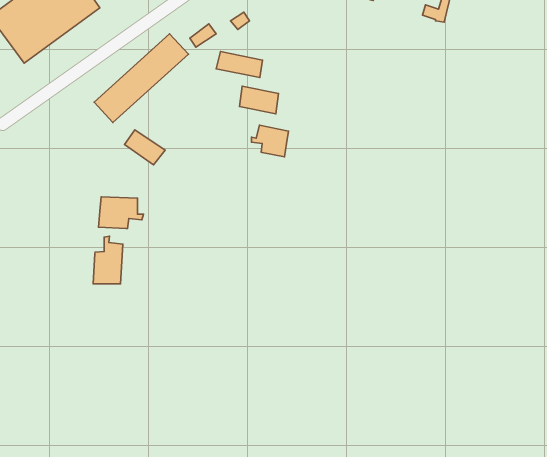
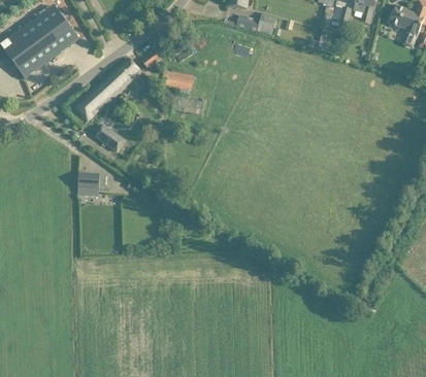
building: [251,125,288,157] -> none
building: [93,236,123,284] -> none

